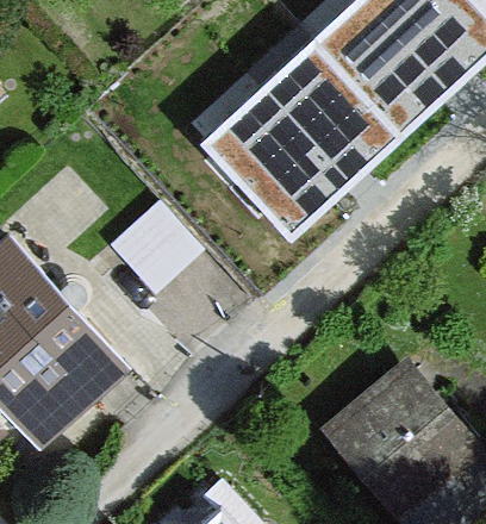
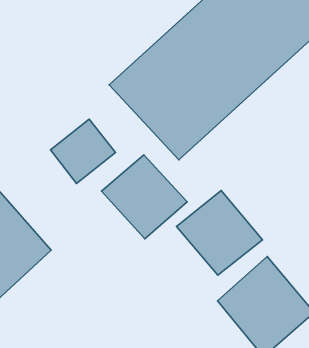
building: none -> [102,155,187,239]
building: none -> [176,191,262,275]

